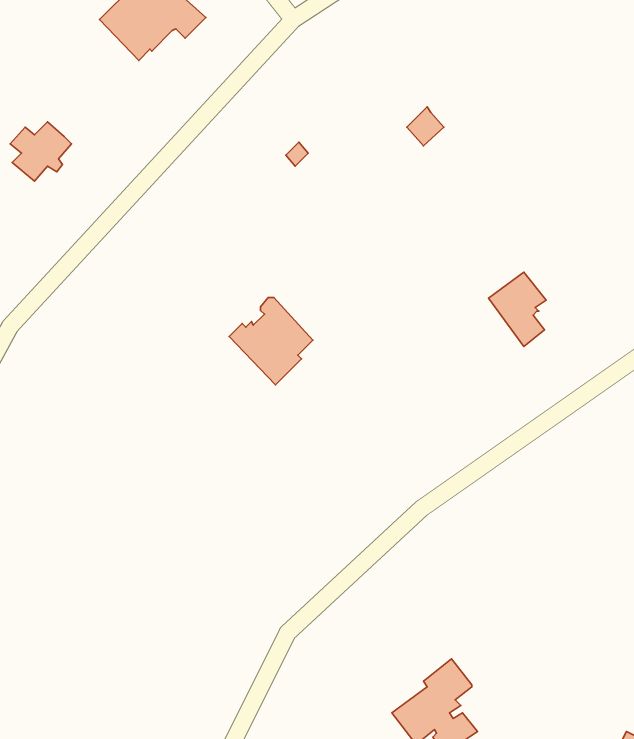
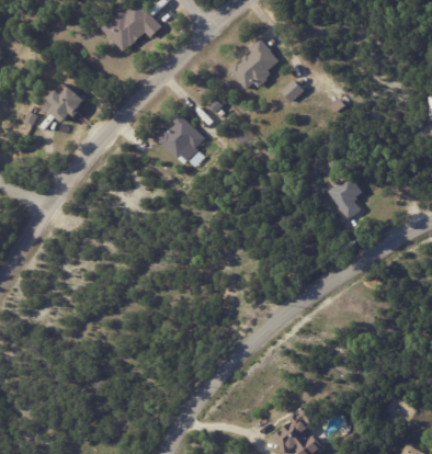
building: none -> [228,38,278,90]
building: [229,297,313,385] -> [154,114,203,166]

